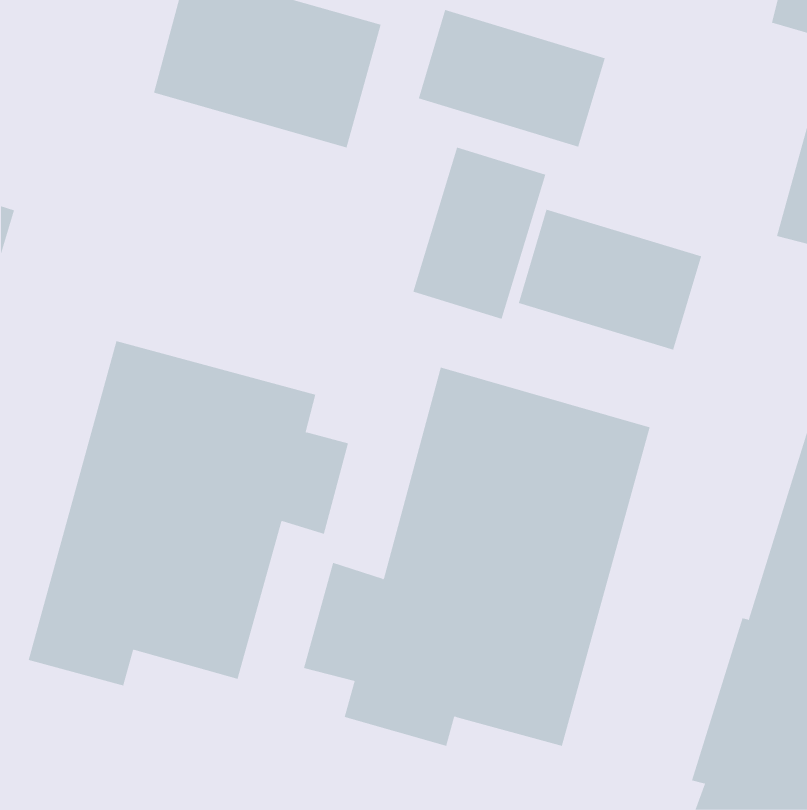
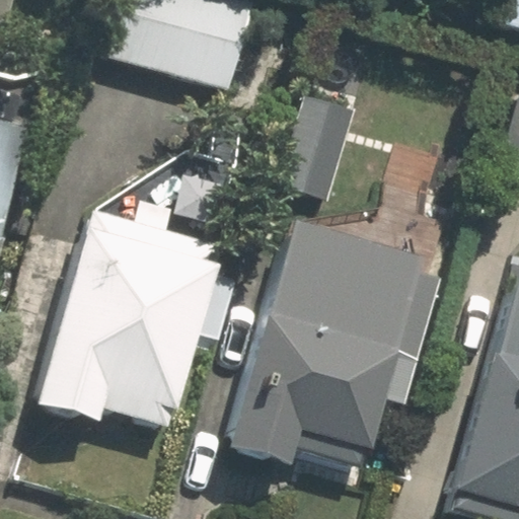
building: [418,9,605,148] -> none
building: [518,209,702,351] -> none

